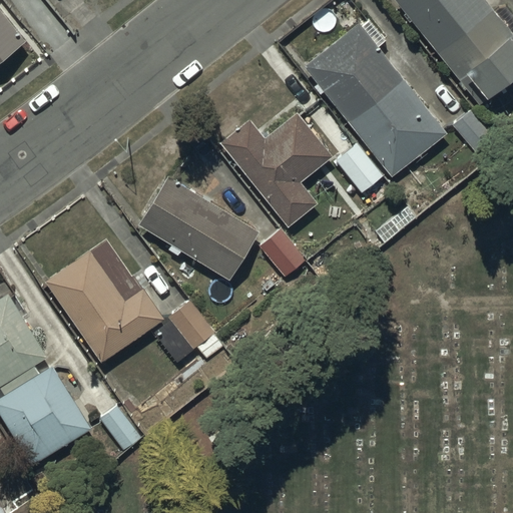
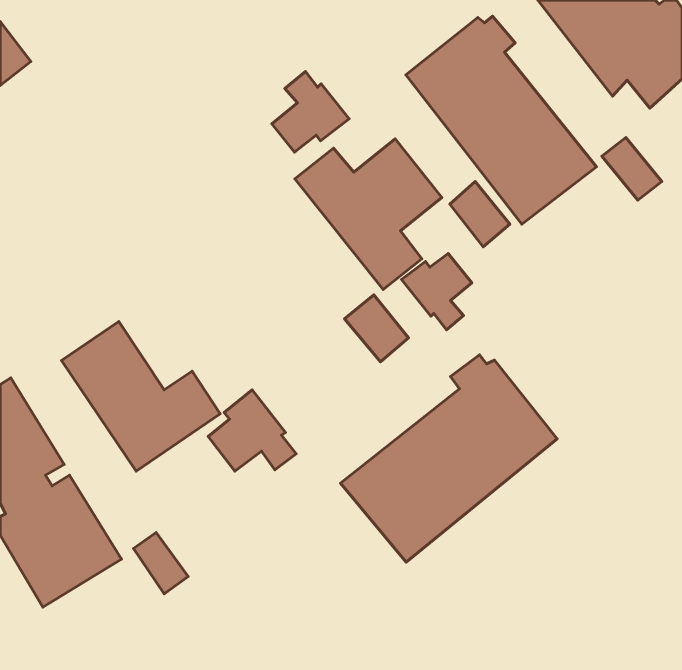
building: none -> [272,72,349,152]
building: [139,175,258,278] -> none
building: none -> [402,253,472,330]
building: none -> [341,355,557,562]

